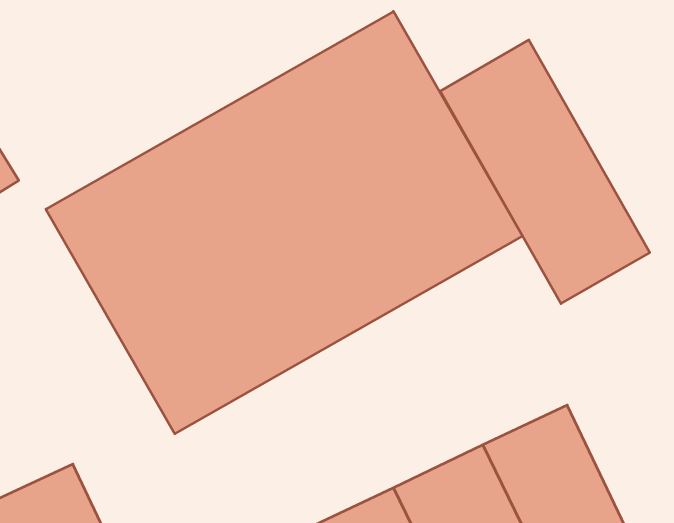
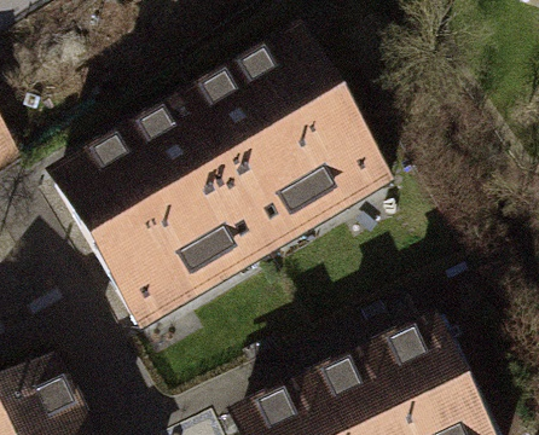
building: [440,40,650,304] -> none

